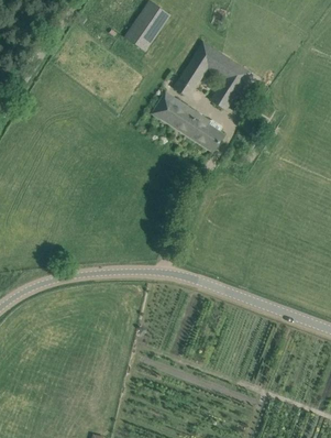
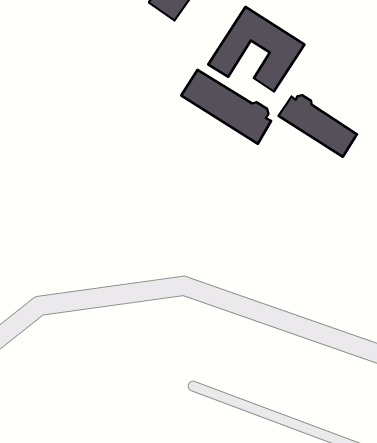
building: none -> [278,95,357,157]

